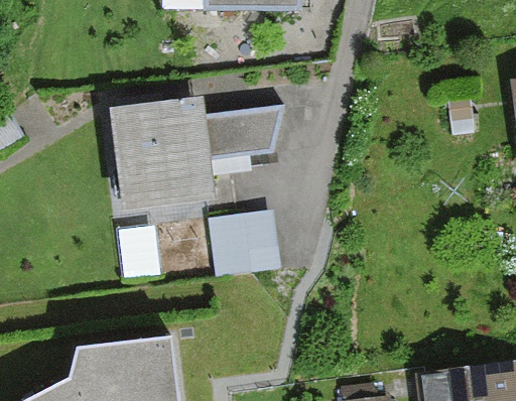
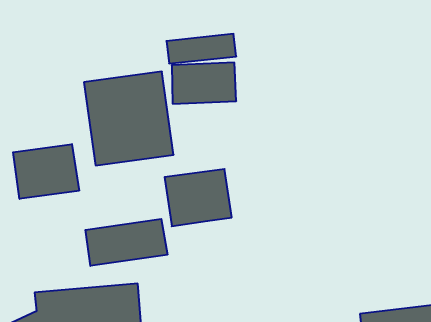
building: none -> [13,144,79,199]
building: none -> [85,219,167,266]

